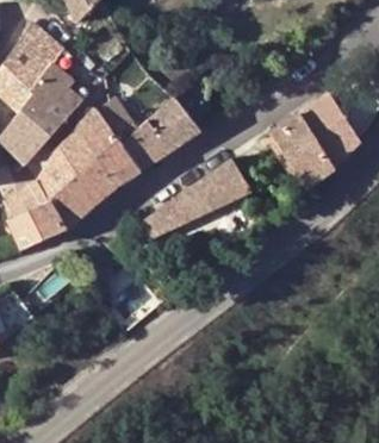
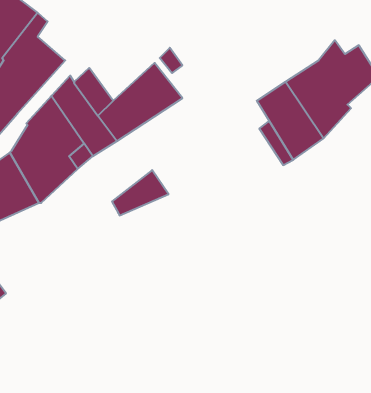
building: [170,160,250,222] -> none

